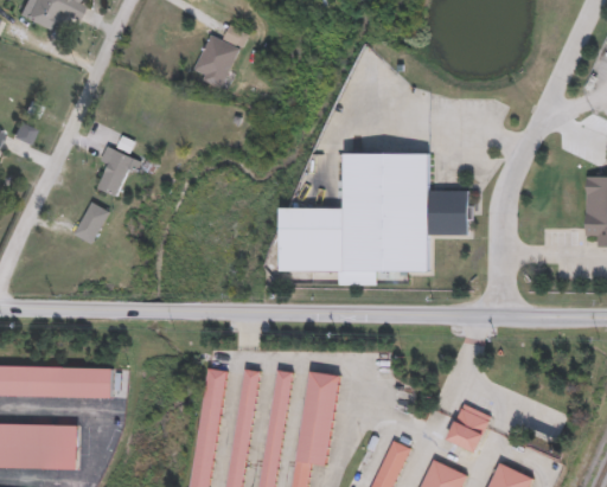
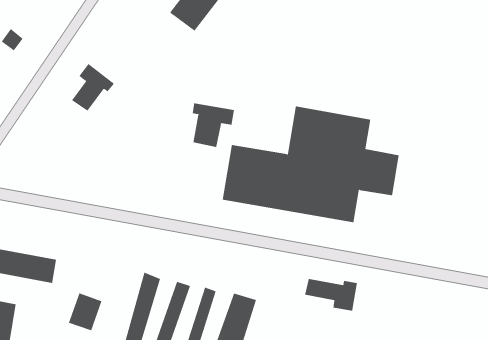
building: none -> [192,103,234,148]
building: [72,204,110,246] -> none
building: none -> [304,278,357,311]
building: none -> [68,292,102,331]

